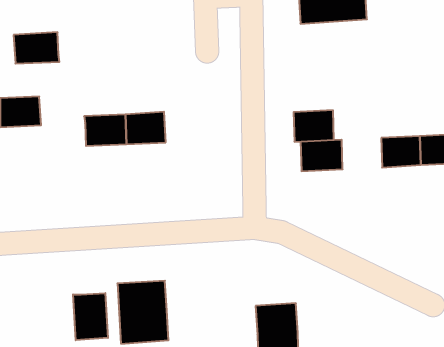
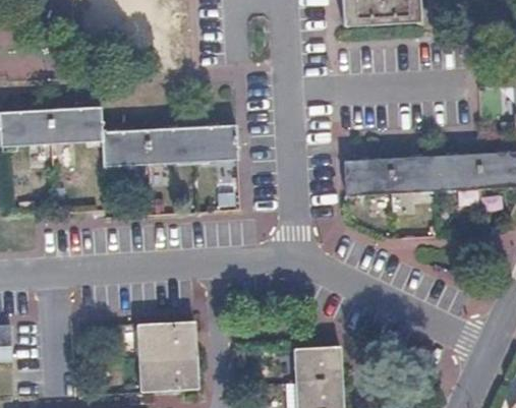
building: [14,32,59,64] -> [49,107,101,142]
building: none -> [190,125,239,162]
building: [294,110,334,142] -> [392,157,438,192]
building: [73,293,108,340] -> none

